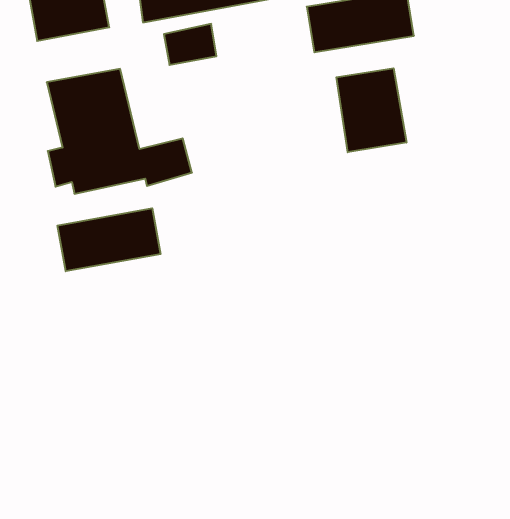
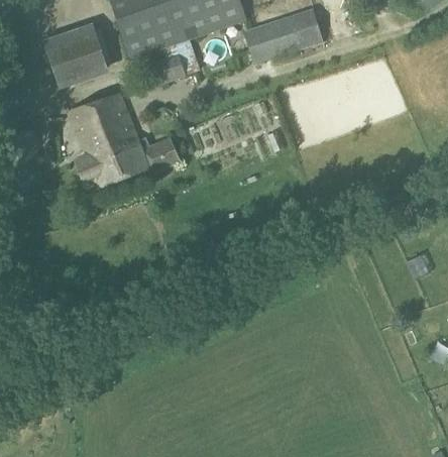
building: [336,68,406,152] -> none
building: [57,208,161,271] -> none

